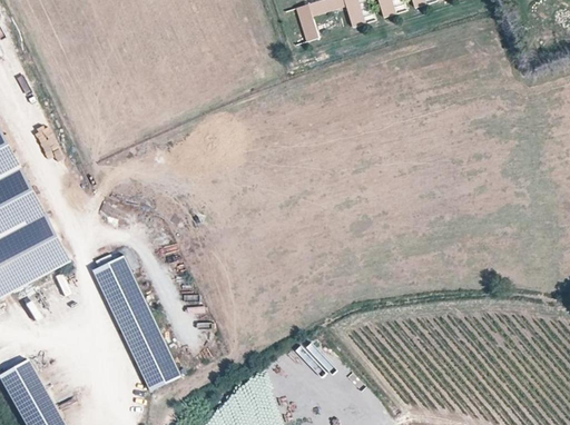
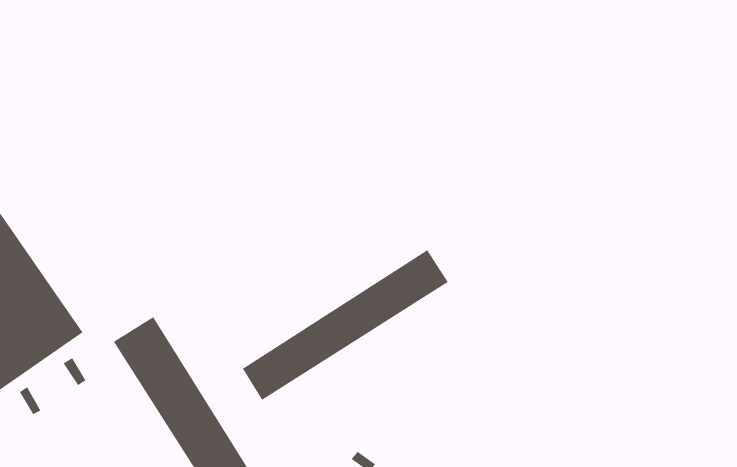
building: none -> [242,249,449,401]

